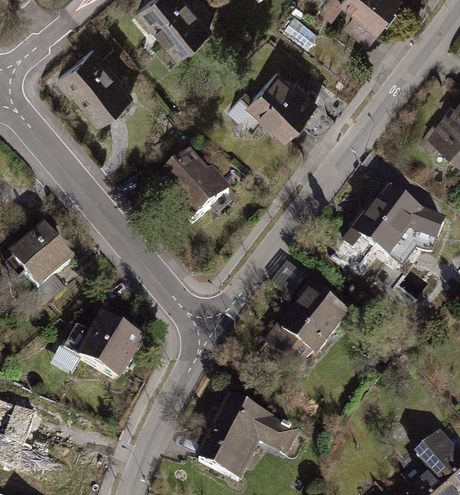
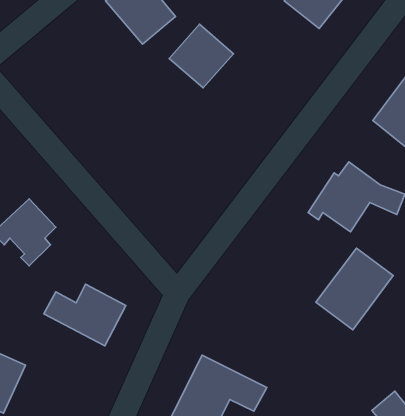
building: [57,43,135,124] -> none
building: [240,68,310,137] -> [169,24,234,88]
building: [152,146,233,216] -> none
building: [269,280,353,369] -> [316,248,393,330]

